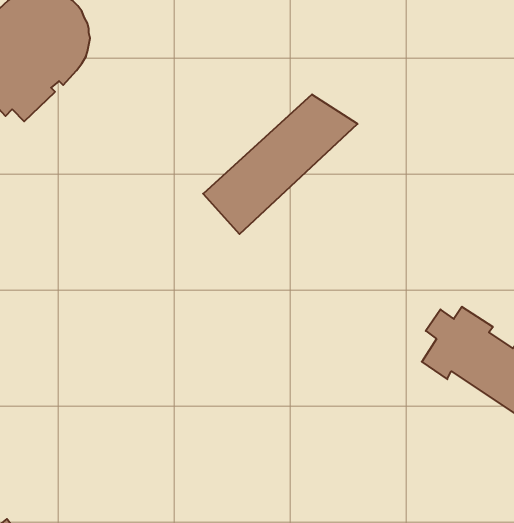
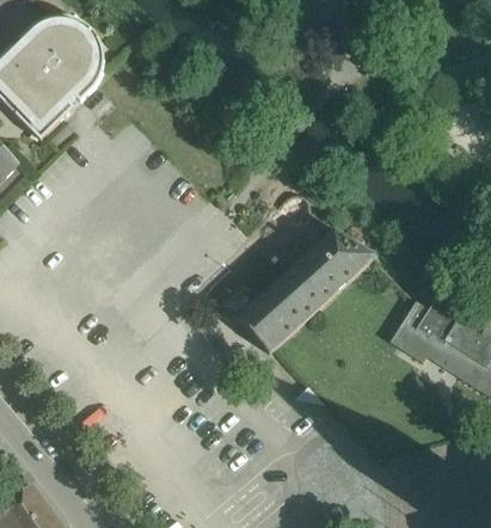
building: [203,94,358,234] -> [237,229,374,354]

